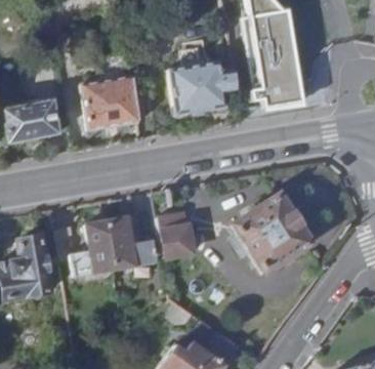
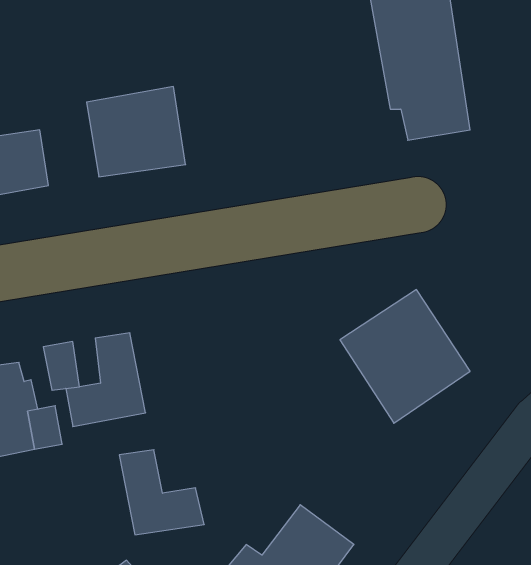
building: [173,47,237,113] -> none
building: [159,210,196,256] -> none
building: [108,216,158,266] -> [119,450,204,535]

